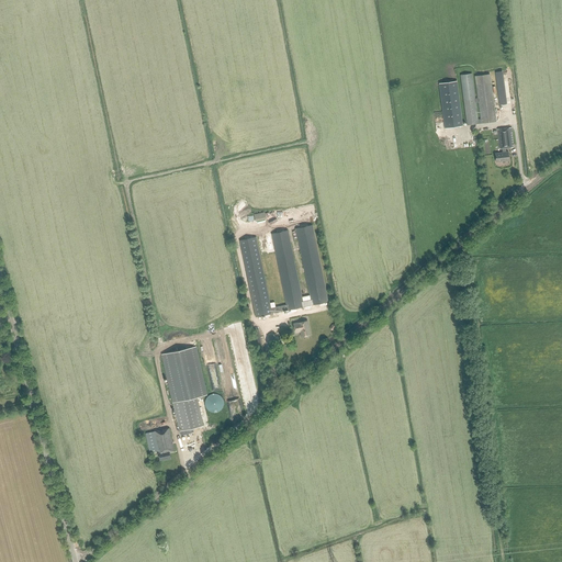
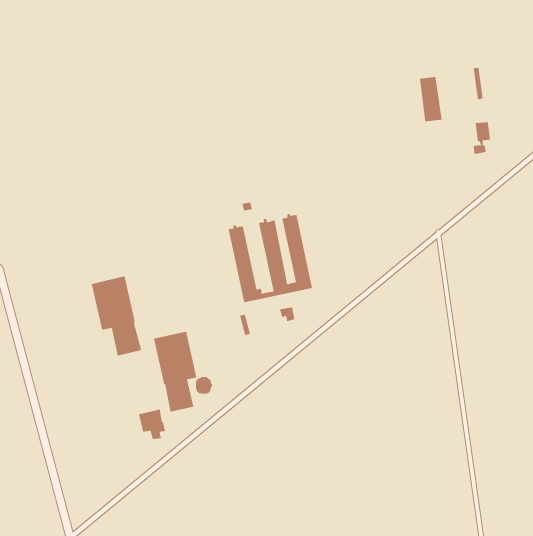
building: [460,72,496,124] -> none
building: none -> [91,276,142,356]

